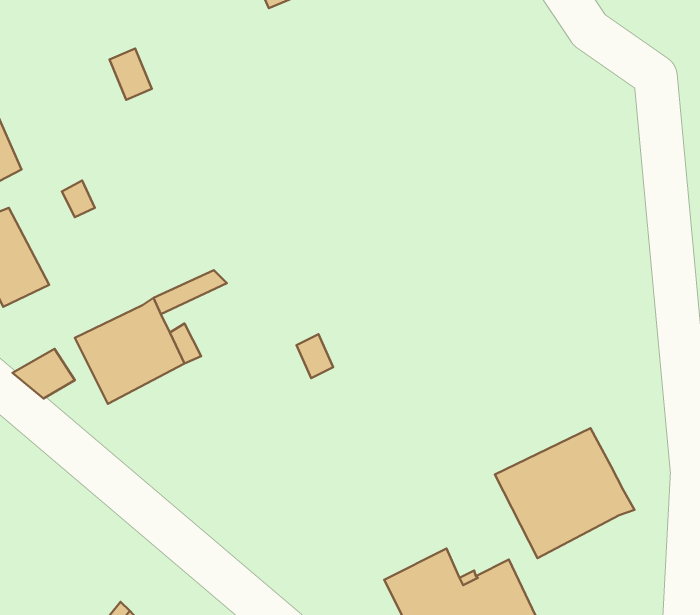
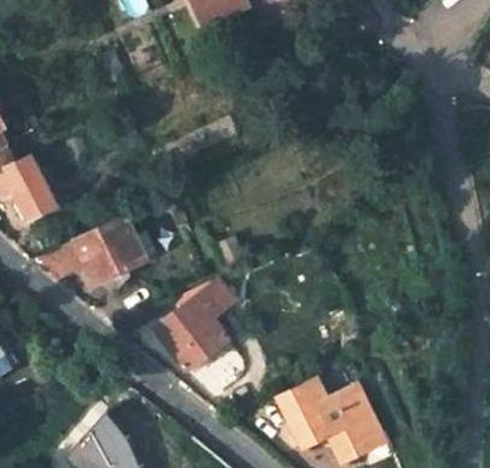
building: none -> [151,279,230,372]
building: [495,428,634,558] -> none

